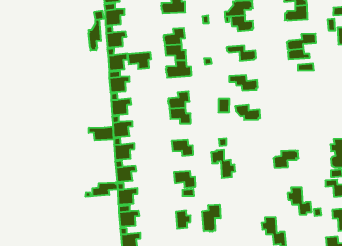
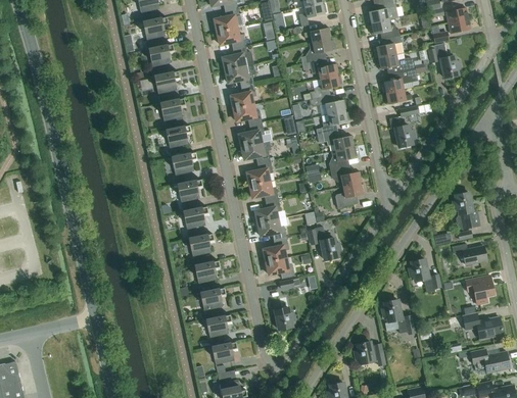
building: none -> [225,64,254,87]
building: none -> [377,52,415,71]
building: [89,19,101,51] -> none
building: none -> [310,74,341,99]
building: [128,52,151,69] -> [241,141,271,163]
building: none -> [316,110,349,135]
building: none -> [388,116,415,147]
building: none -> [328,147,357,170]
building: none -> [254,199,281,223]
building: [89,127,114,140] -> none
building: [273,150,299,168] -> [334,183,365,207]
building: none -> [263,237,289,261]
building: [86,182,117,197] -> none
building: [202,205,221,232] -> none

